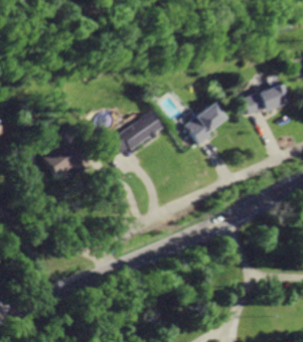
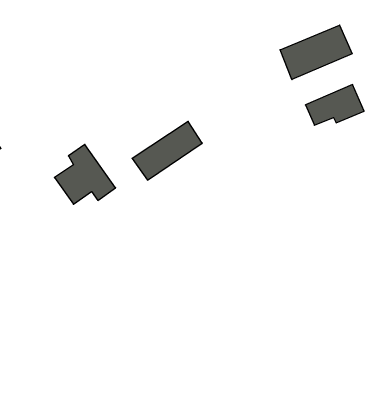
building: none -> [280,25,352,80]
building: [185,103,225,145] -> none

